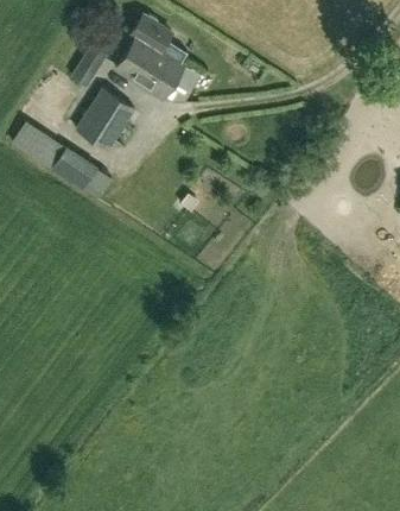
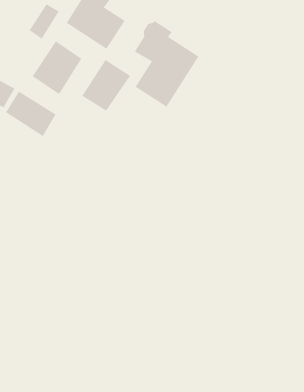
building: none -> [134,20,199,108]
building: none -> [81,59,131,111]

